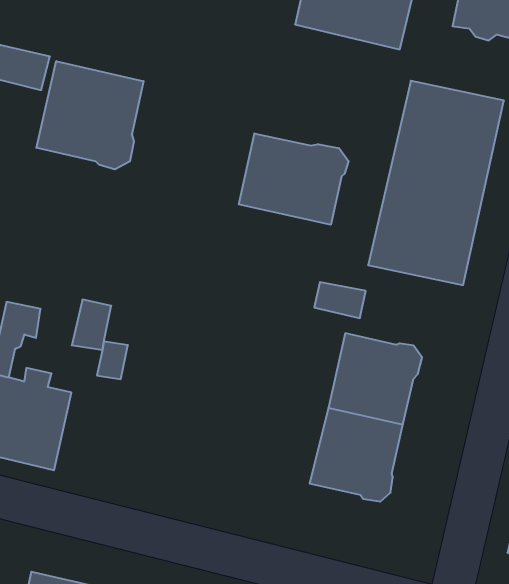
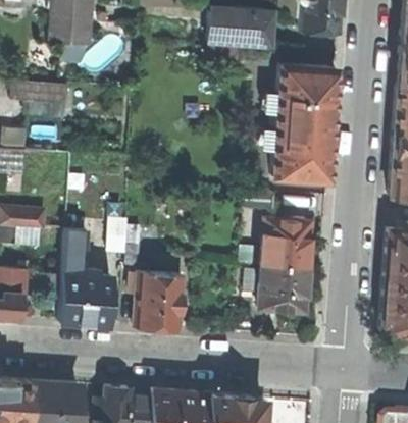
building: [36,61,144,169] -> none
building: [239,133,349,225] -> none
building: none -> [137,273,185,329]

